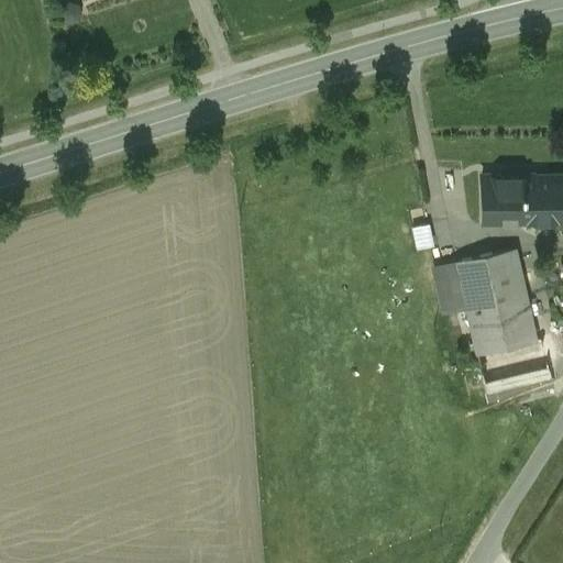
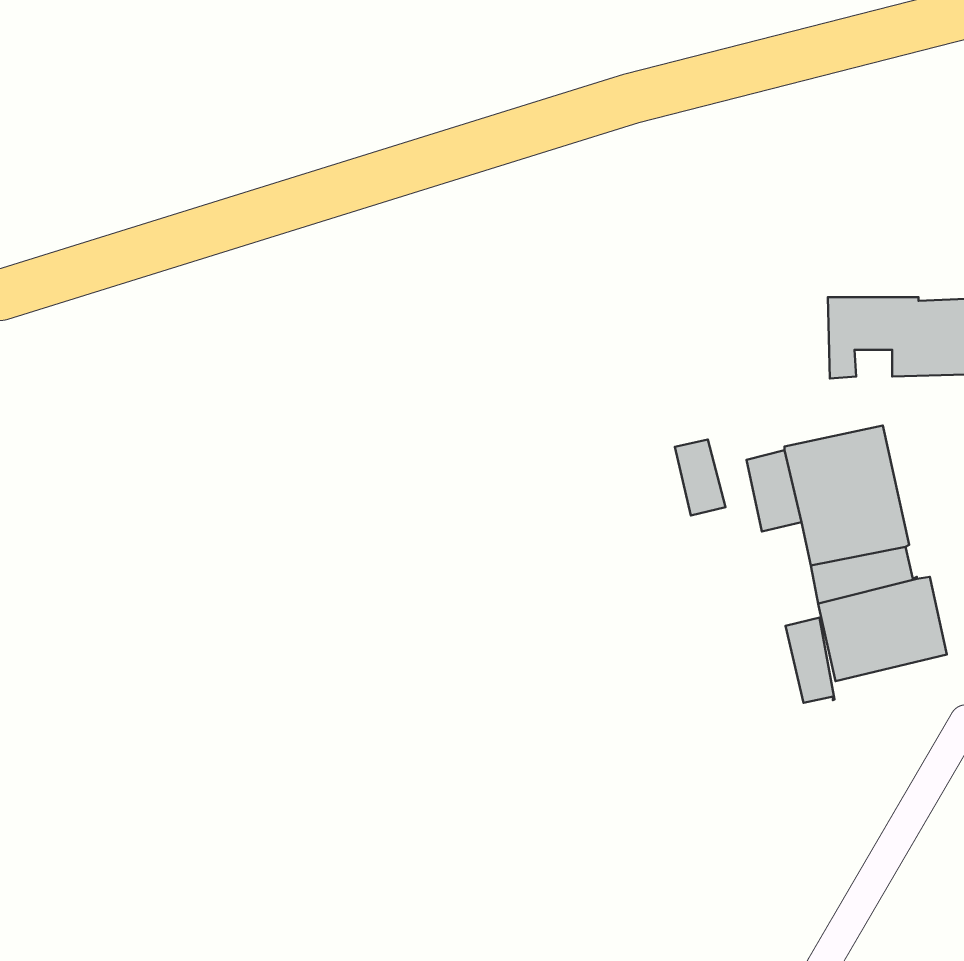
building: none -> [675,440,725,515]
building: none -> [785,617,834,703]

